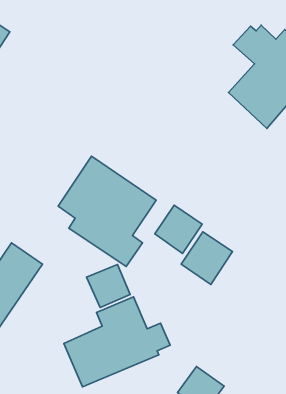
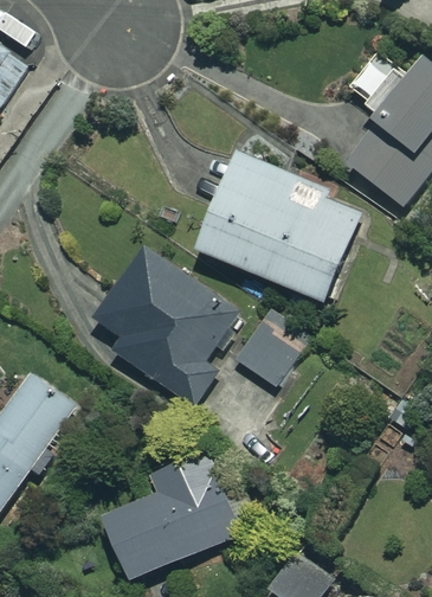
building: none -> [199,154,360,302]
building: [181,232,232,285] -> none
building: [87,264,130,308] -> none

